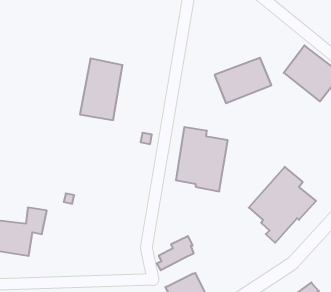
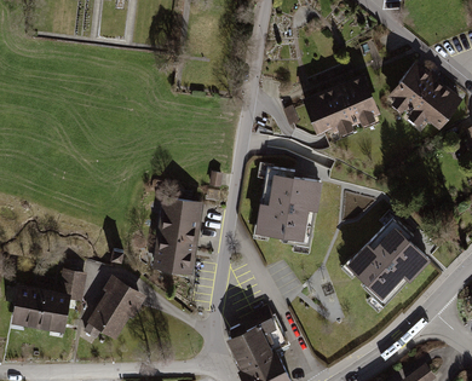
building: [80,59,123,120] -> [150,195,205,273]
building: none -> [81,270,145,346]
building: none -> [232,333,274,369]

